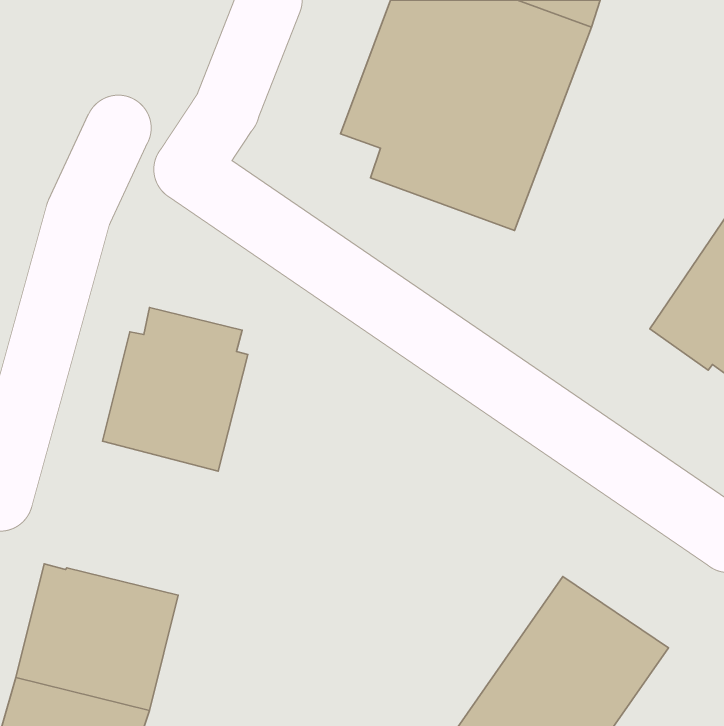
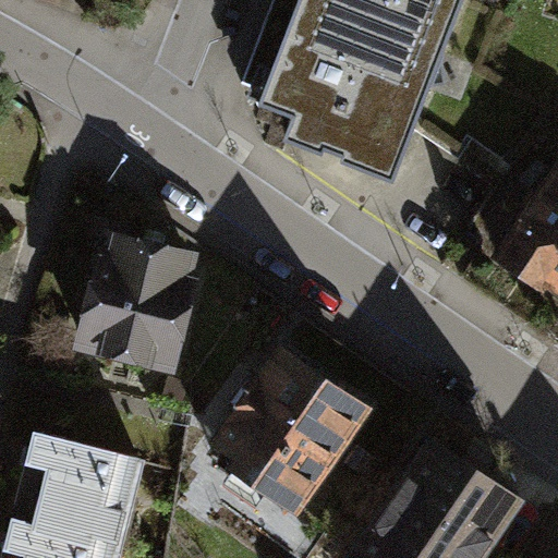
building: none -> [219,347,367,505]

